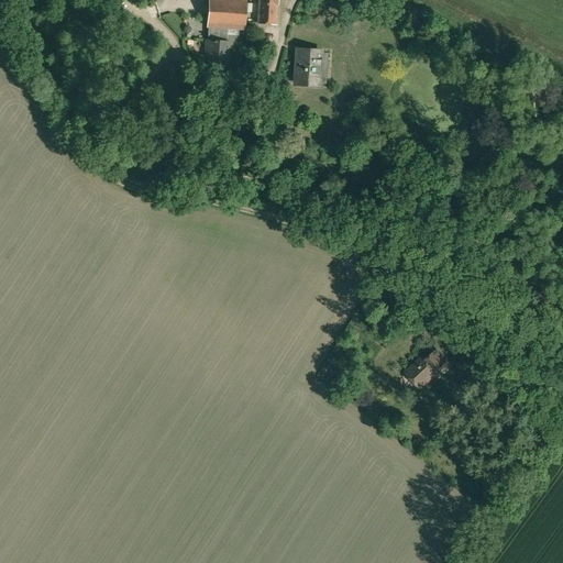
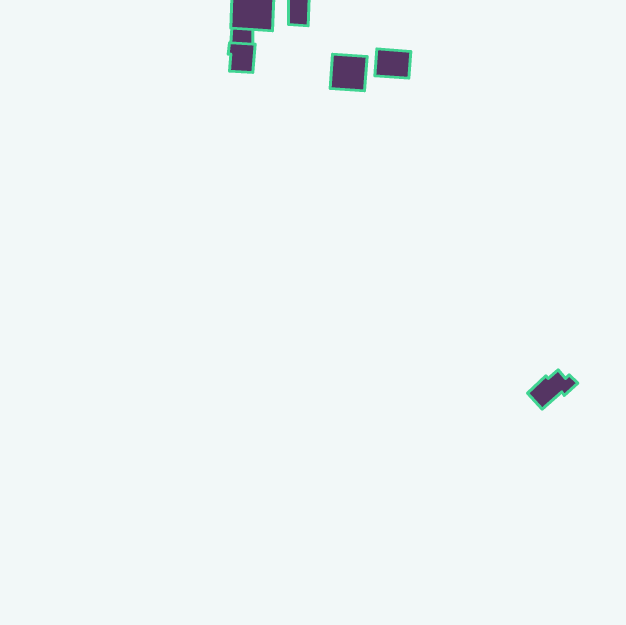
building: none -> [375,49,411,78]
building: [406,351,451,386] -> [527,370,578,409]

